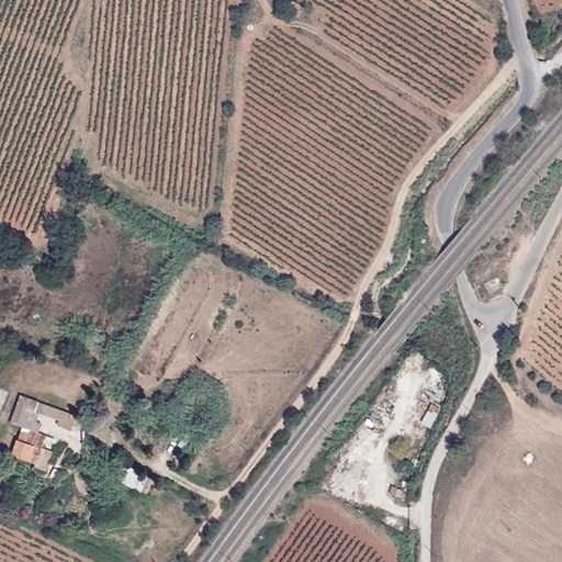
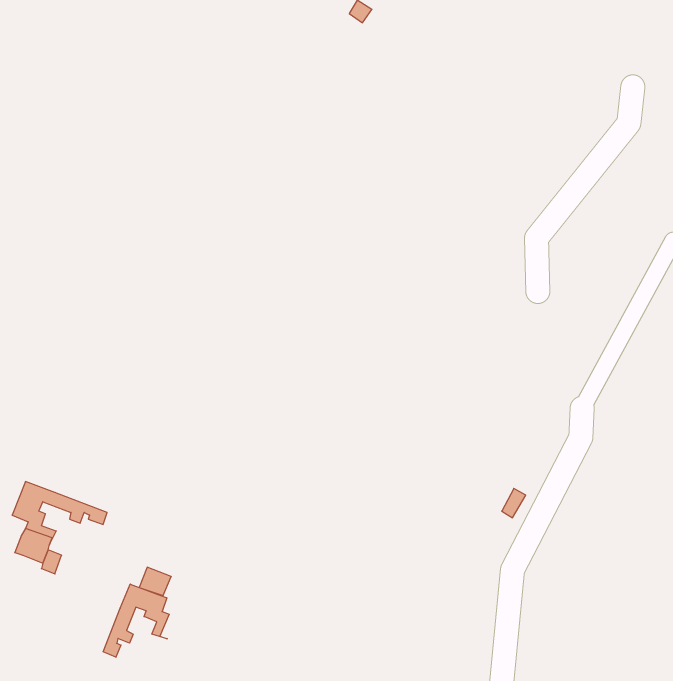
building: none -> [103,584,169,657]

